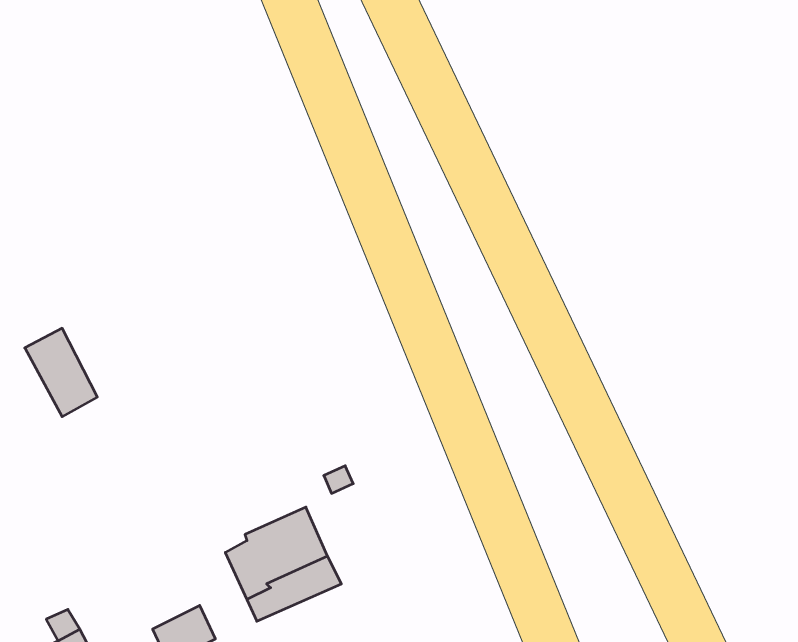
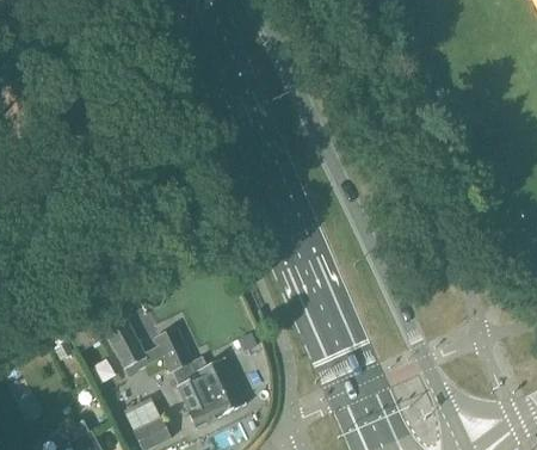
building: [25,328,97,417] -> [103,312,147,365]
building: none -> [155,323,195,369]

